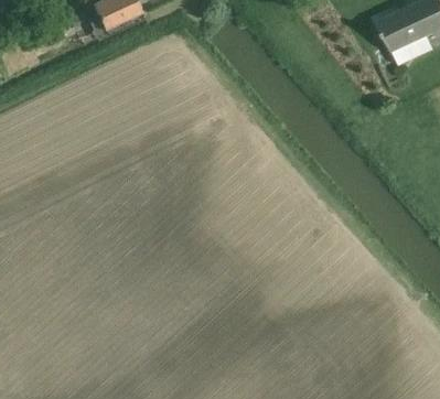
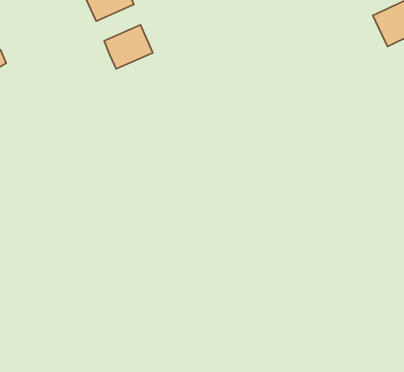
building: none -> [104,25,153,69]

